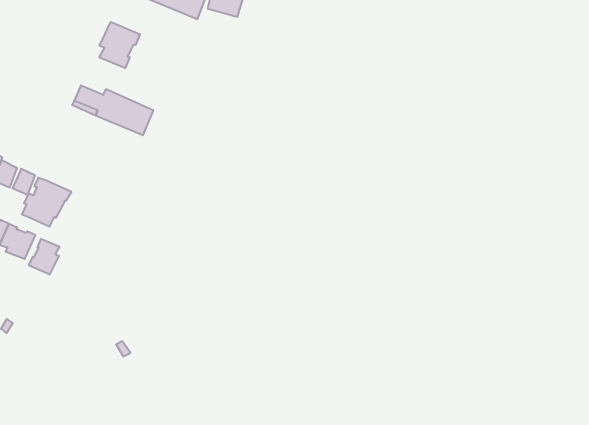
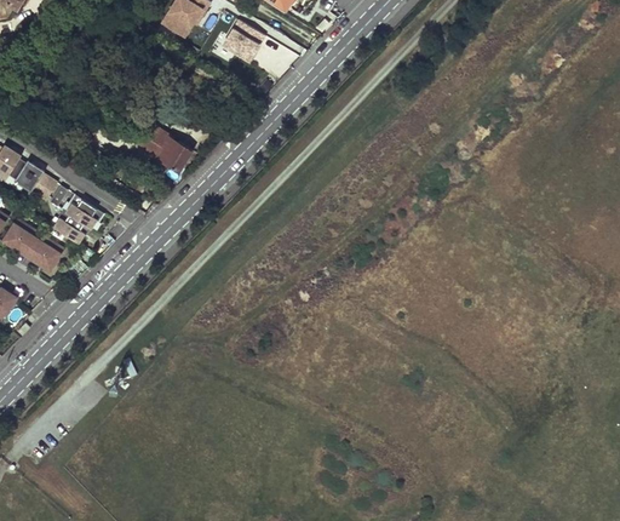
building: [99,22,140,68] -> none
building: [29,239,60,275] -> none

